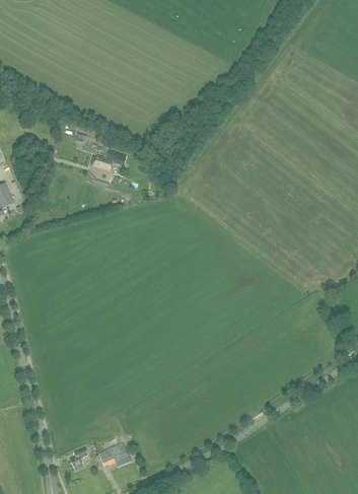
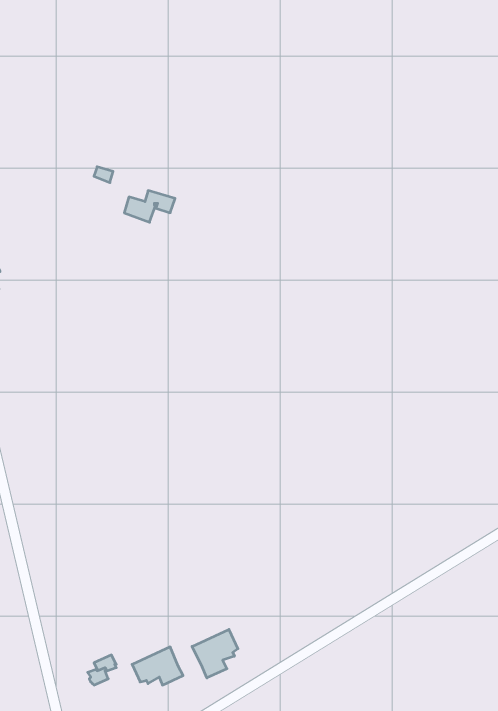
building: none -> [192,629,238,678]

